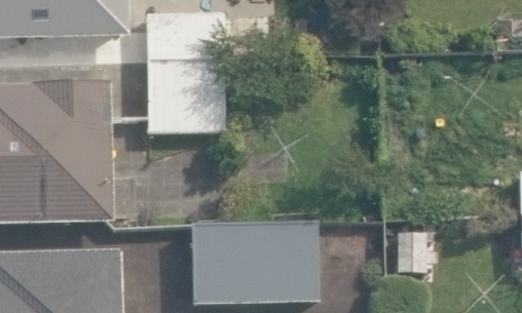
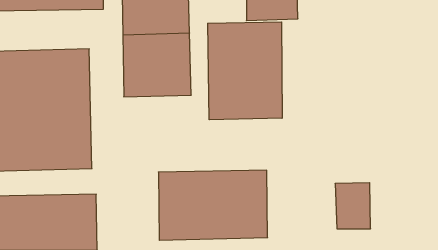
building: none -> [208,22,282,120]

